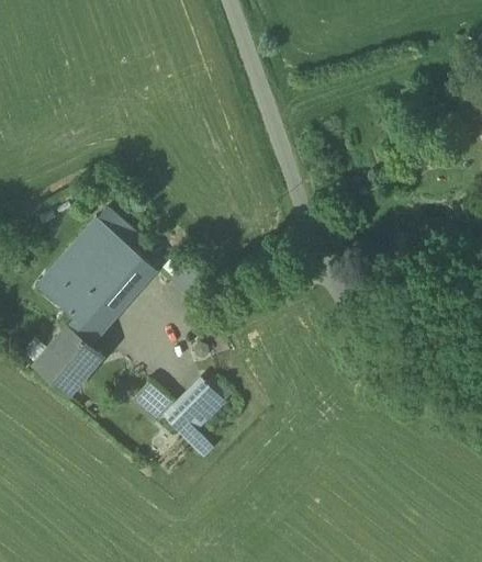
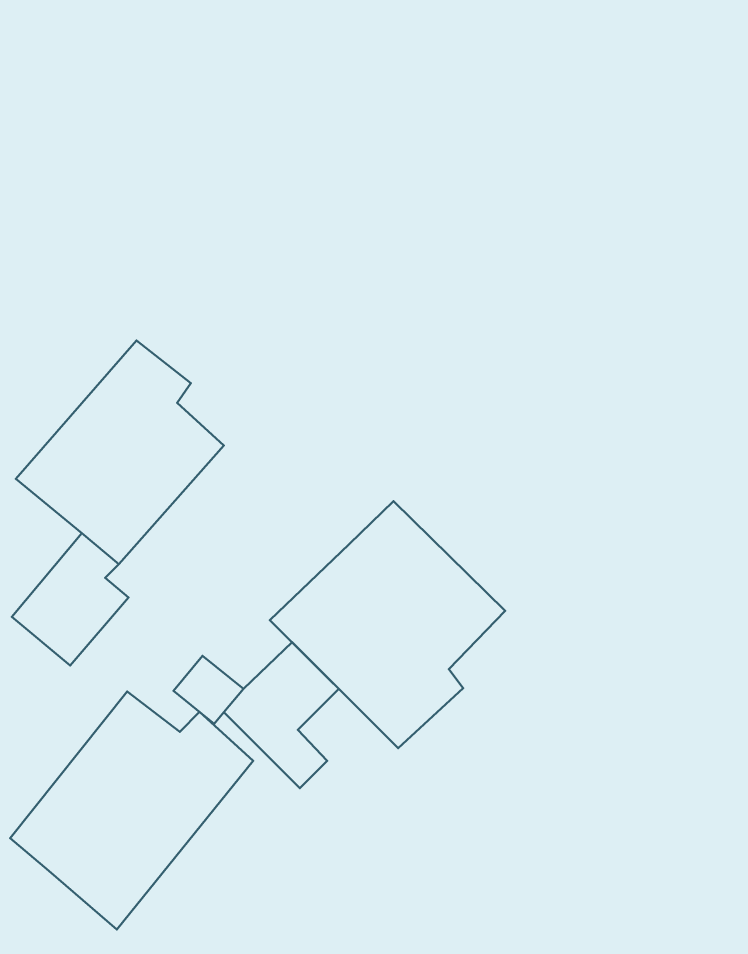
building: none -> [270,501,505,748]
building: none -> [10,692,253,929]

